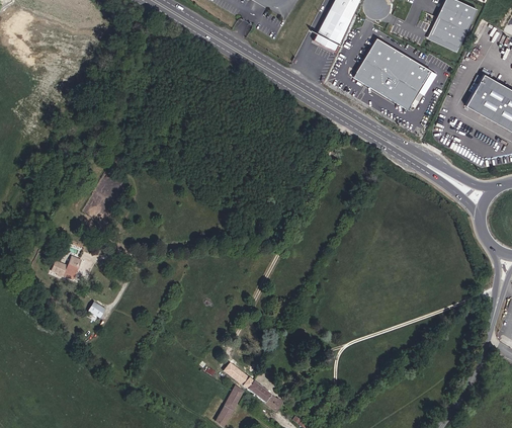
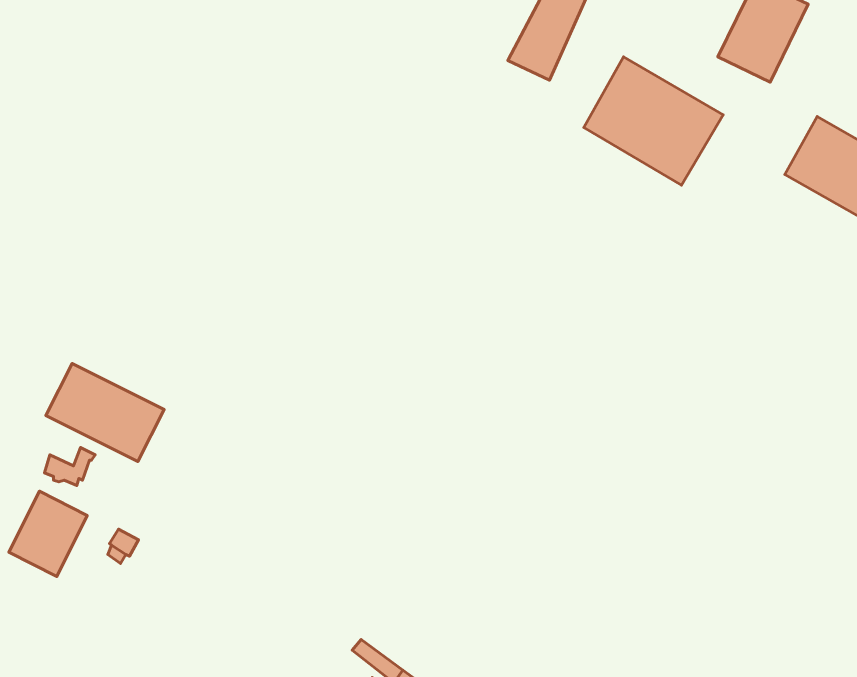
building: none -> [46,363,164,461]
building: none -> [9,491,87,576]

